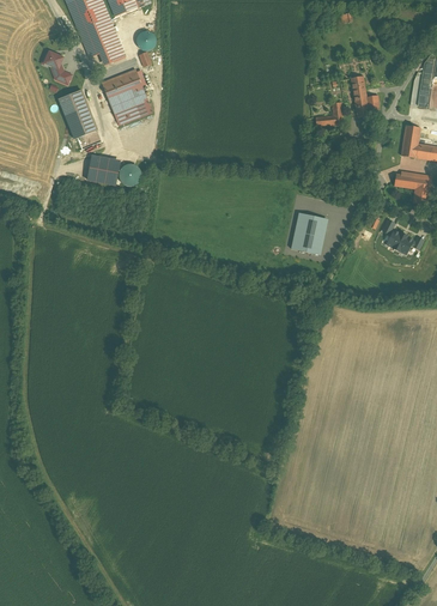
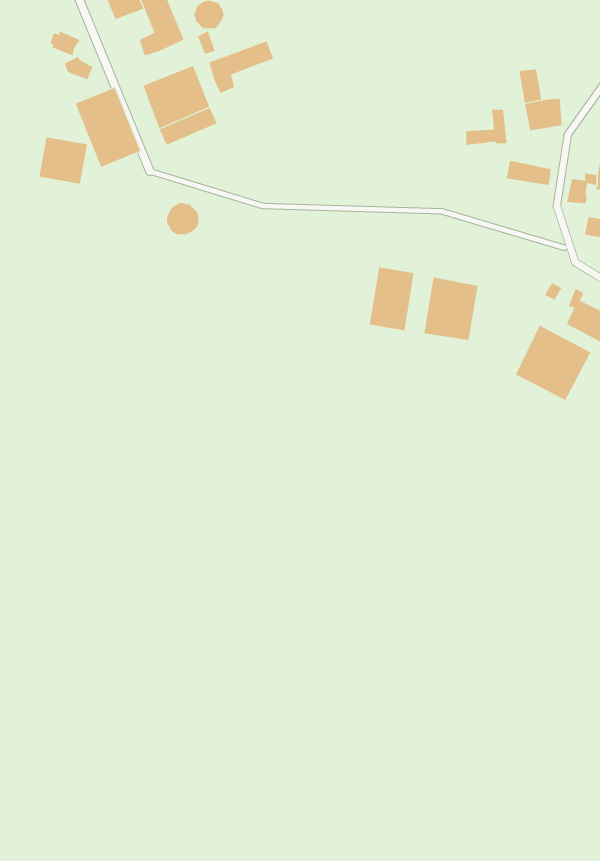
building: none -> [208,41,274,94]
building: [81,153,114,184] -> [38,137,88,184]
building: none -> [369,266,414,331]
building: none -> [515,325,591,401]

